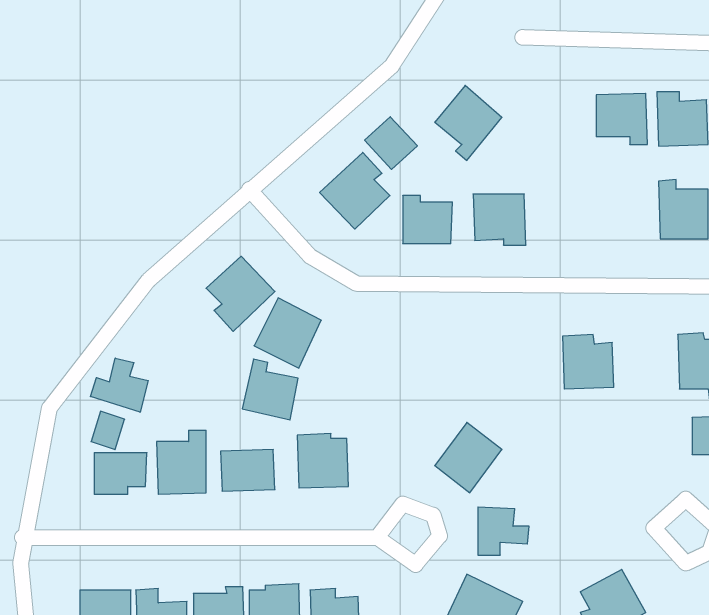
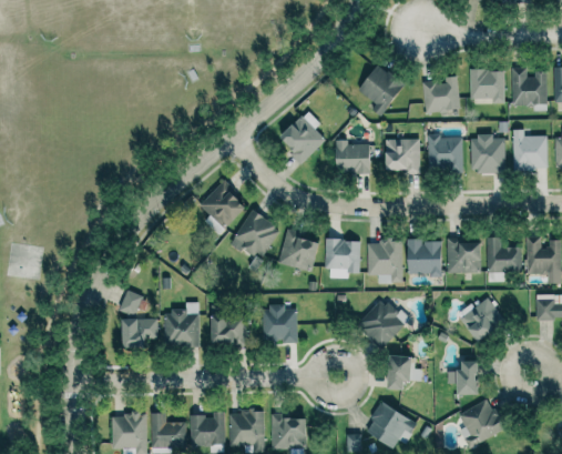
building: none -> [423,75,461,113]
building: [365,117,417,169] -> none
building: none -> [428,135,463,172]
building: none -> [471,135,505,172]
building: none -> [488,238,522,272]
building: none -> [407,239,442,275]
building: none -> [326,240,361,279]
building: none -> [368,240,403,283]
building: [90,358,148,412] -> none
building: [242,359,298,420] -> [279,229,318,271]
building: none -> [460,297,505,342]
building: none -> [448,361,478,395]

